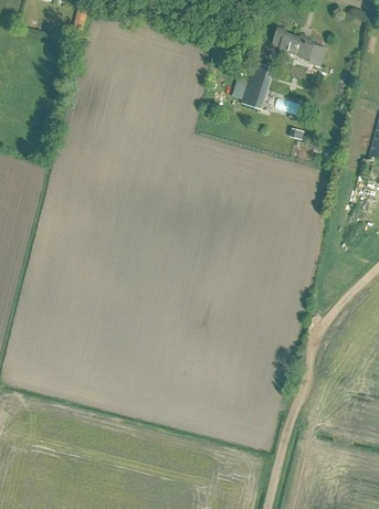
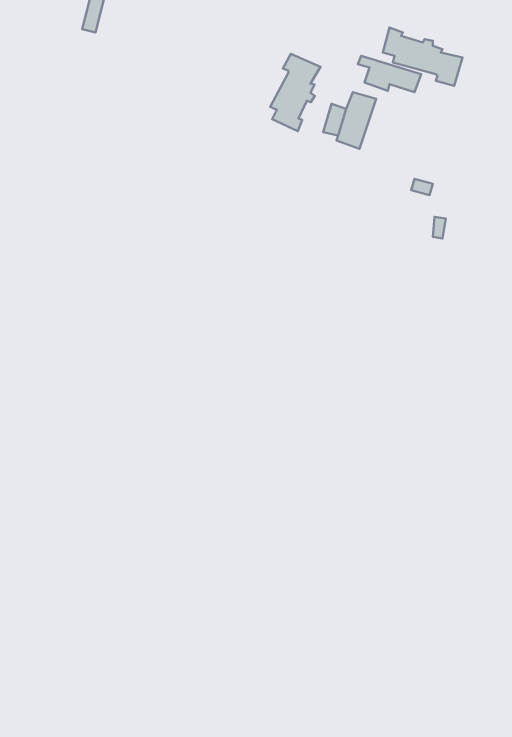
building: none -> [270,54,320,131]

